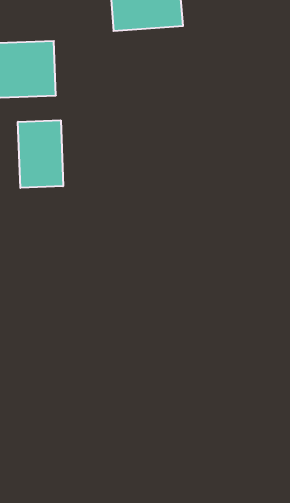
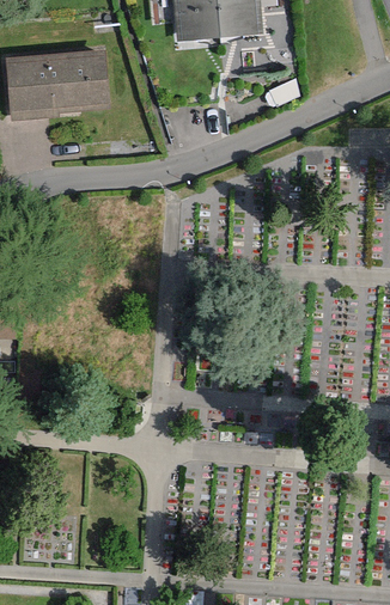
building: [18,120,63,188] -> none

